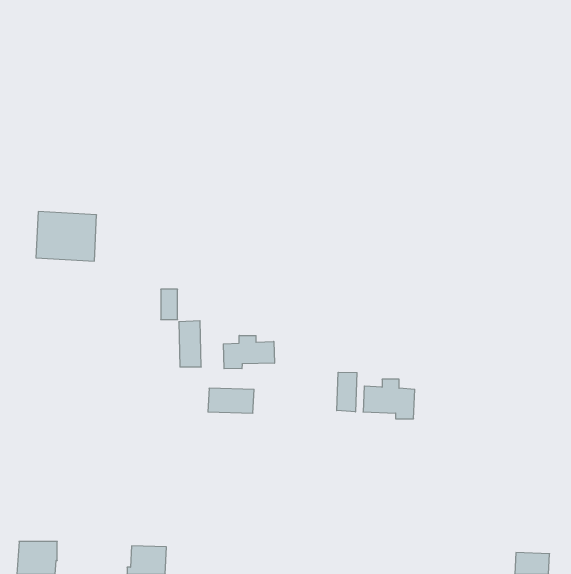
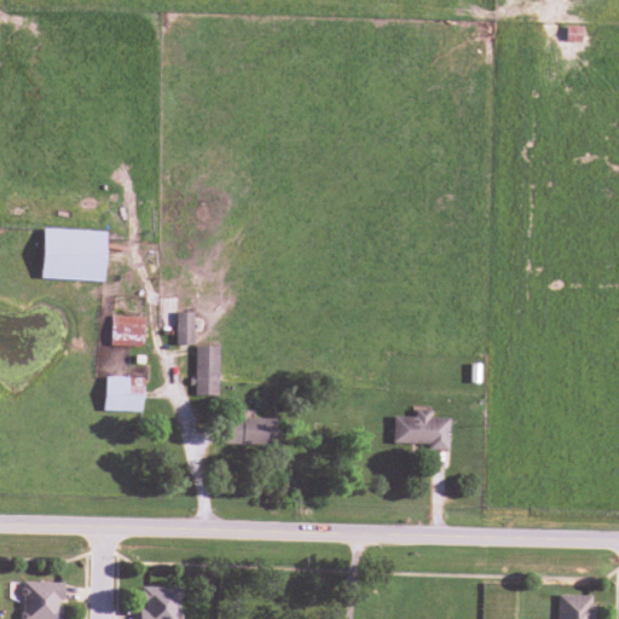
building: none -> [112,314,145,346]
building: [223,335,274,369] -> none
building: none -> [105,376,145,411]
building: [337,372,357,412] -> none

